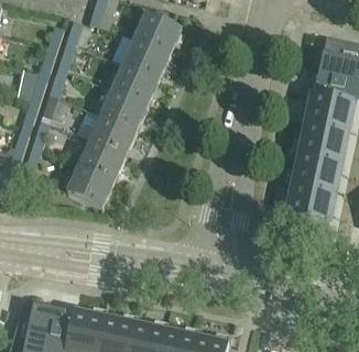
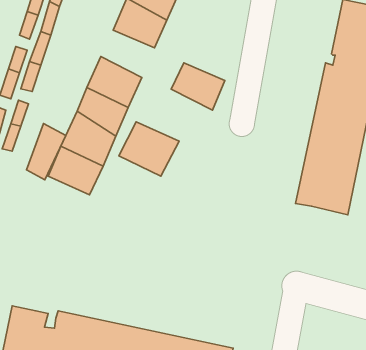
building: [112,61,160,102] -> [171,63,225,110]
building: none -> [119,122,179,176]
building: none -> [27,123,66,180]

